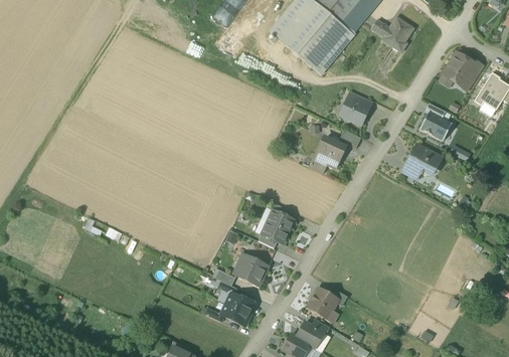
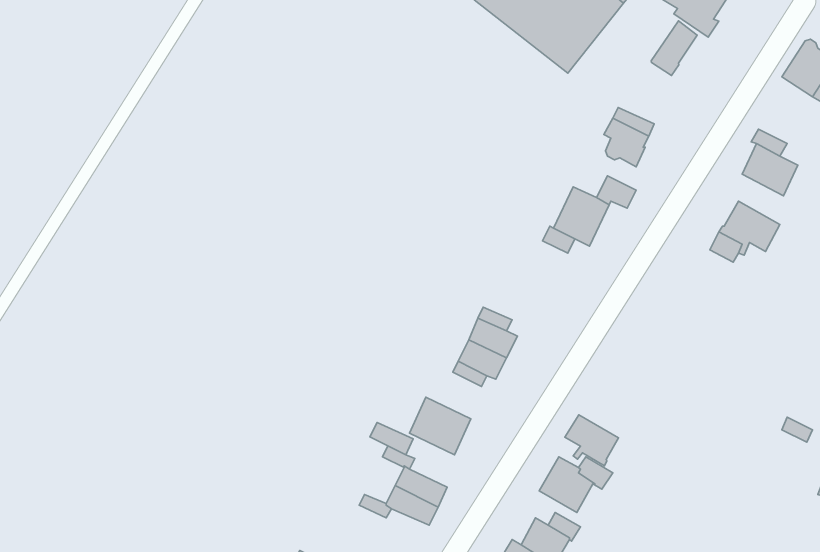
building: none -> [651,21,697,76]
building: none -> [565,415,618,466]

